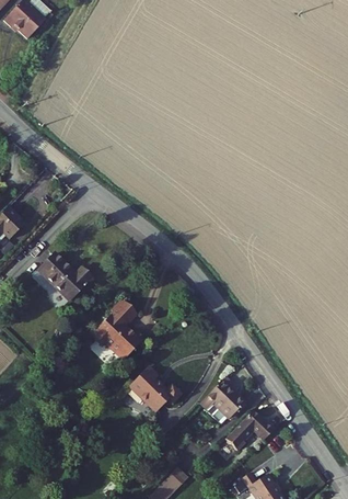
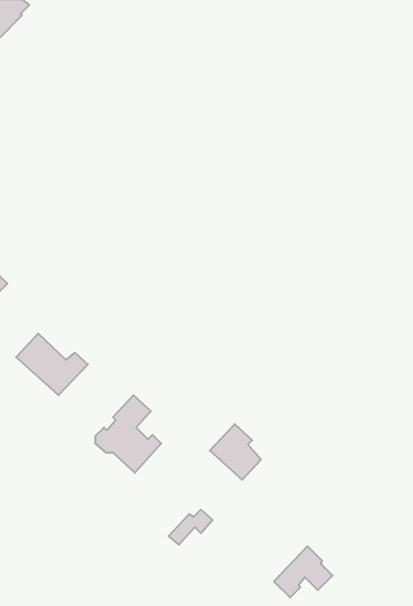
building: [129,368,163,406] -> none
building: [207,376,245,418] -> [210,424,261,480]

